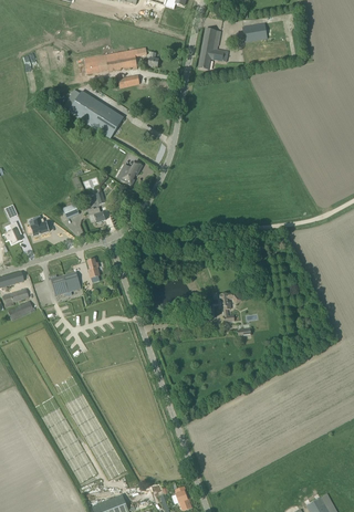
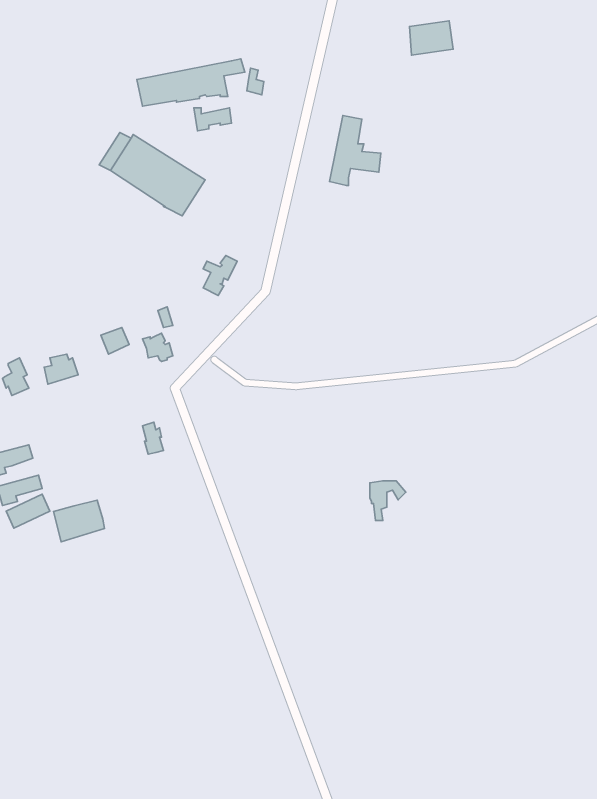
building: [198,29,228,70] -> [330,115,381,185]
building: [51,272,81,296] -> [53,500,105,542]

